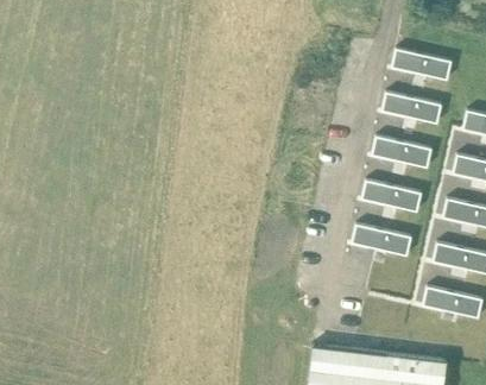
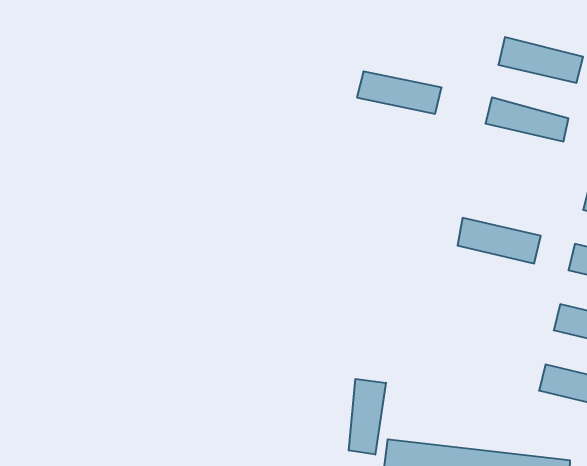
building: [372,137,434,168] -> [357,71,442,114]
building: [352,223,414,254] -> none
building: none -> [349,379,386,455]

